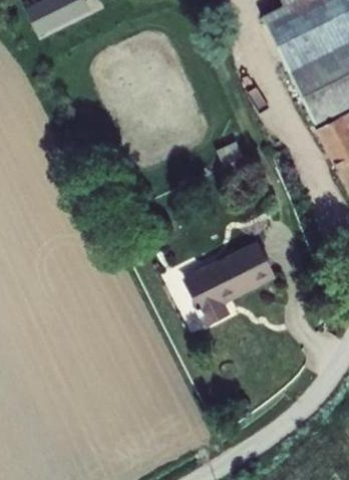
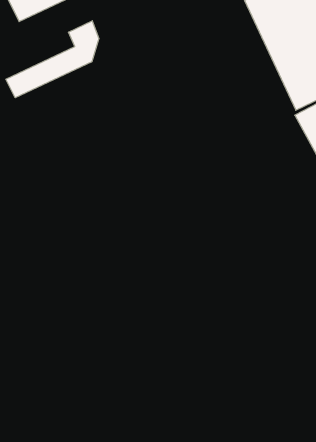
building: none -> [6,21,99,98]
building: [183,237,268,315] -> none

